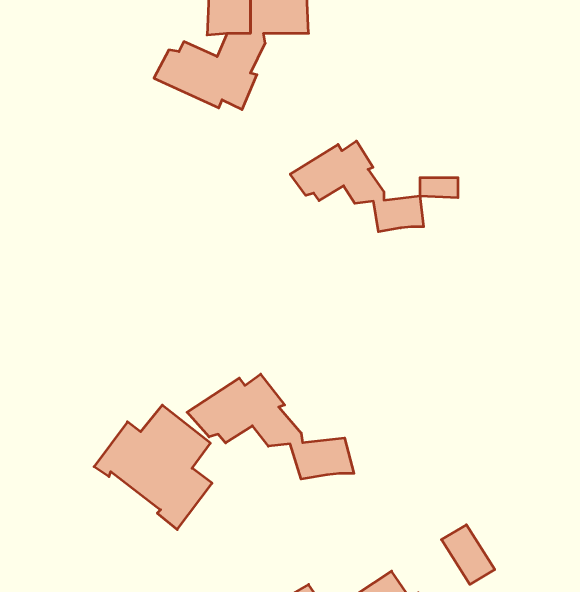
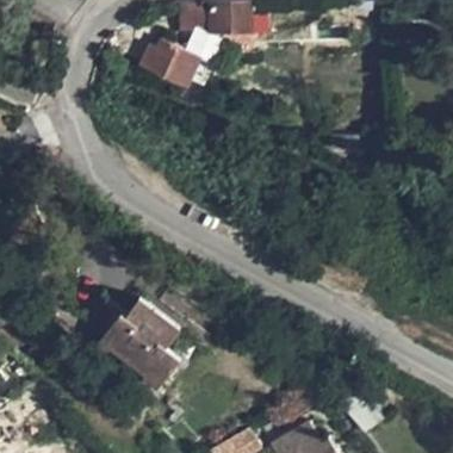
building: [290,141,424,232] -> none
building: [187,374,354,479] -> none

